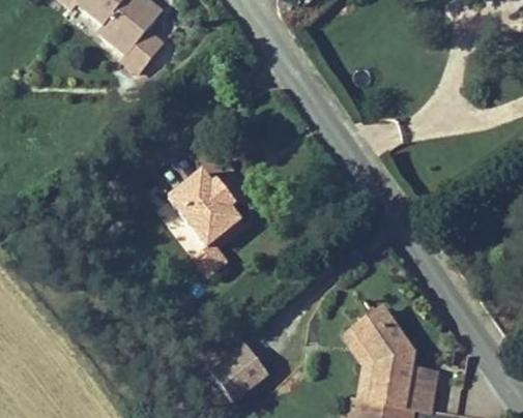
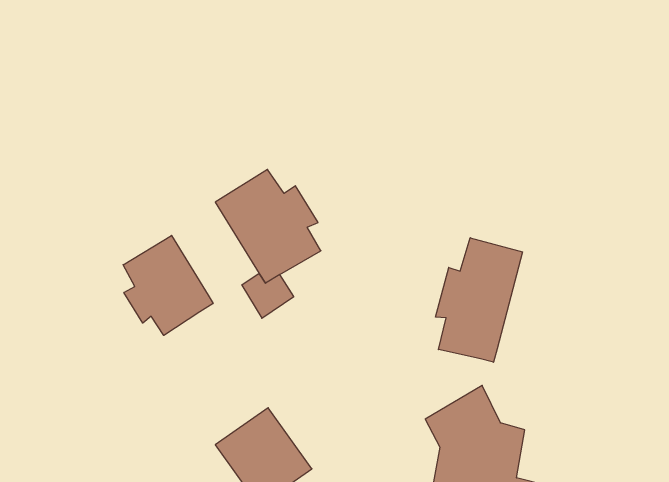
building: none -> [436,238,523,362]
building: none -> [123,235,213,335]

